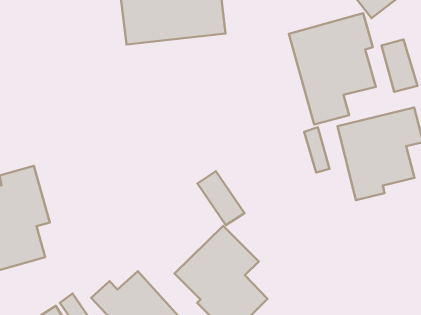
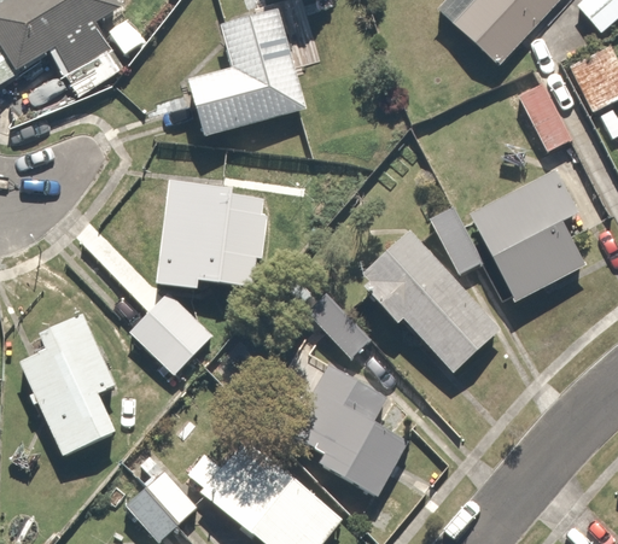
building: [289,13,376,124] -> none
building: none -> [163,181,269,287]
building: none -> [358,224,502,381]
building: none -> [127,294,211,379]

